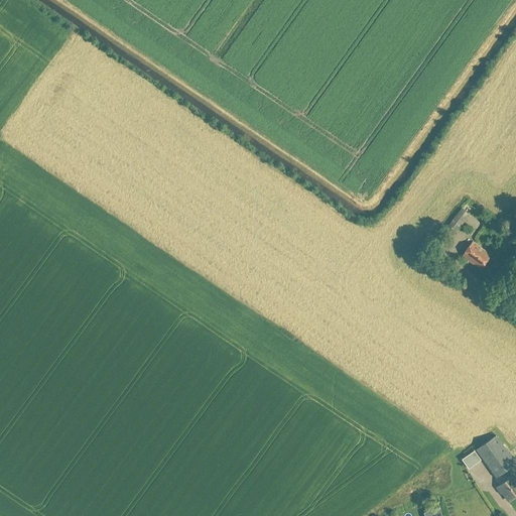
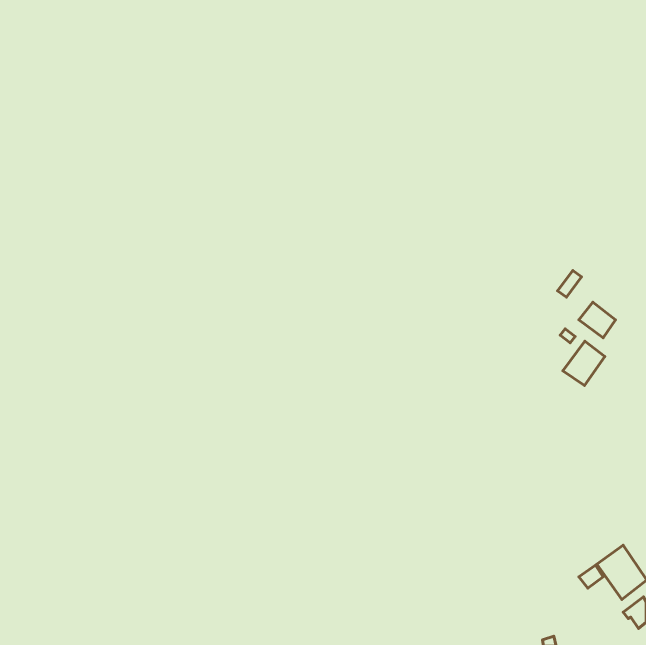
building: none -> [563,341,605,385]

